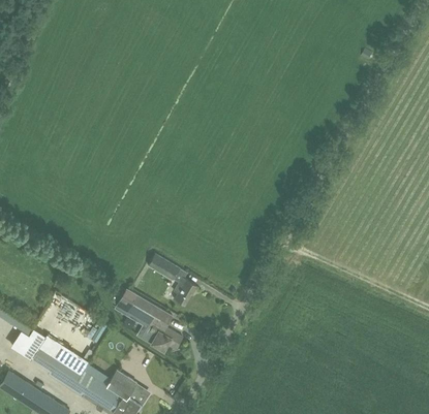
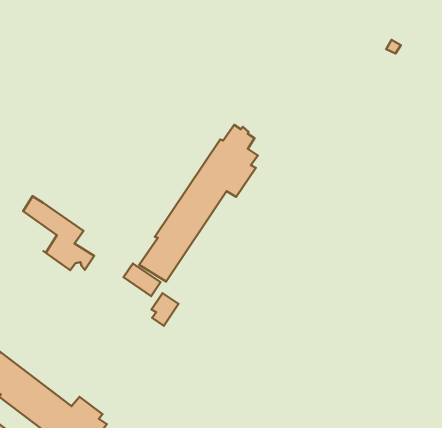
building: none -> [139,125,258,282]
building: [120,289,183,350] -> [23,196,94,270]

